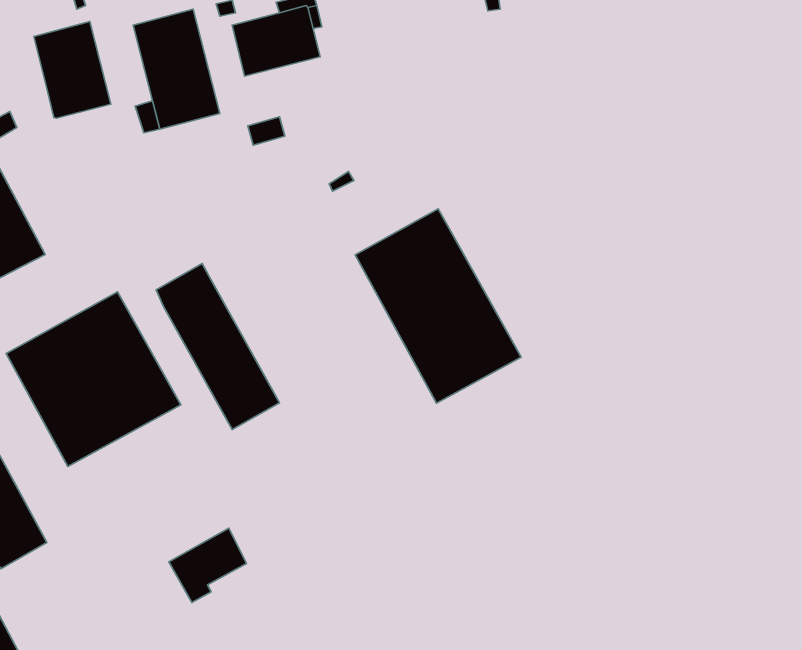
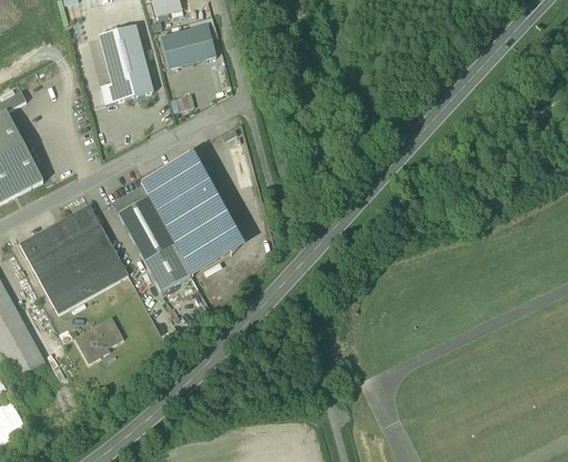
building: [34,22,111,118] -> none
building: [355,209,521,403] -> [141,152,245,274]
building: [169,528,246,602] -> [74,317,123,363]

